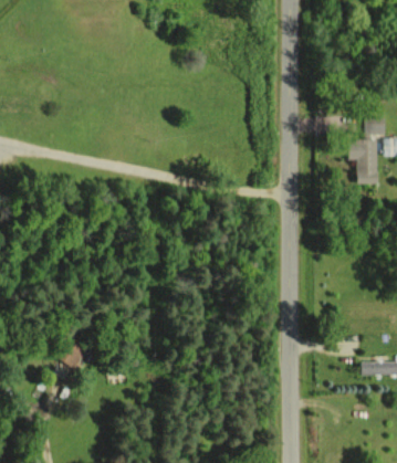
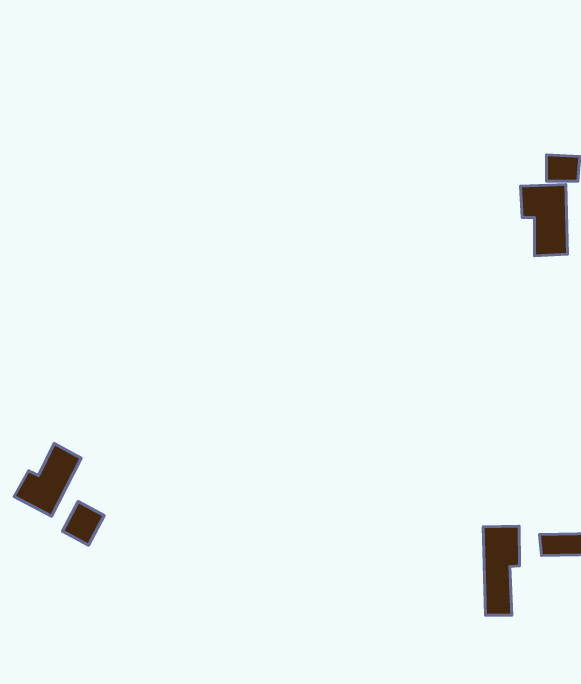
building: none -> [14,444,81,516]
building: none -> [483,526,520,615]

